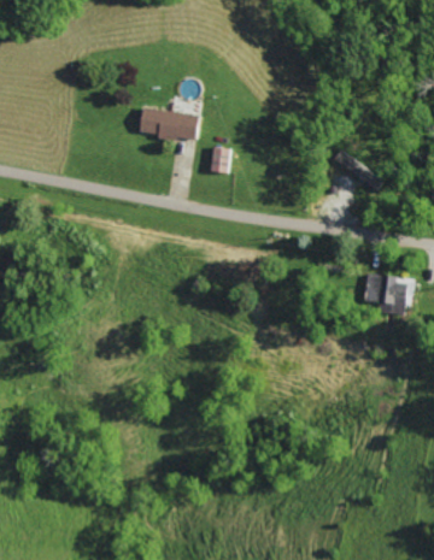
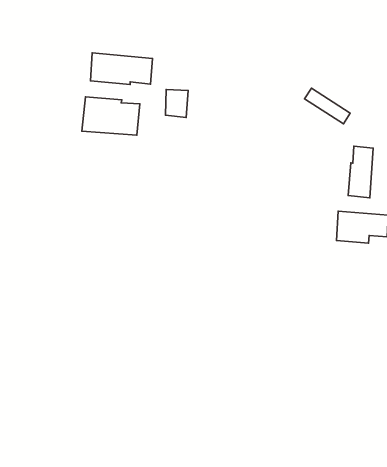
building: none -> [82,97,140,135]
building: none -> [348,146,373,198]

